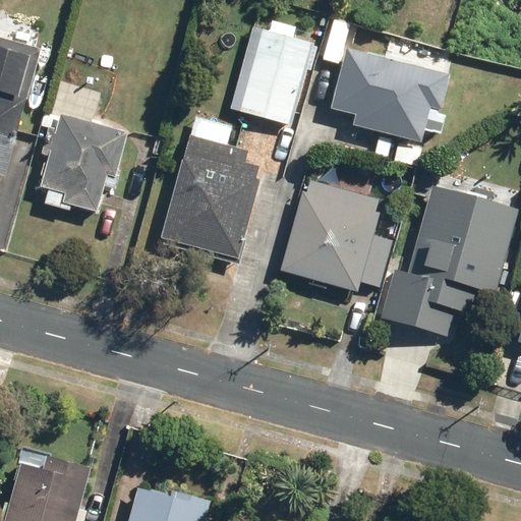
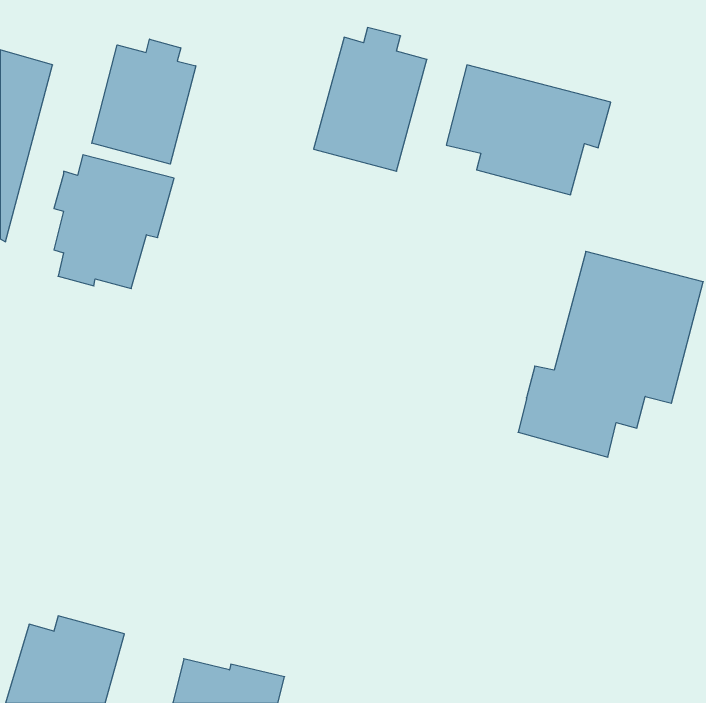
building: none -> [92,39,196,164]
building: [159,115,263,266] -> none
building: [278,176,394,293] -> none

